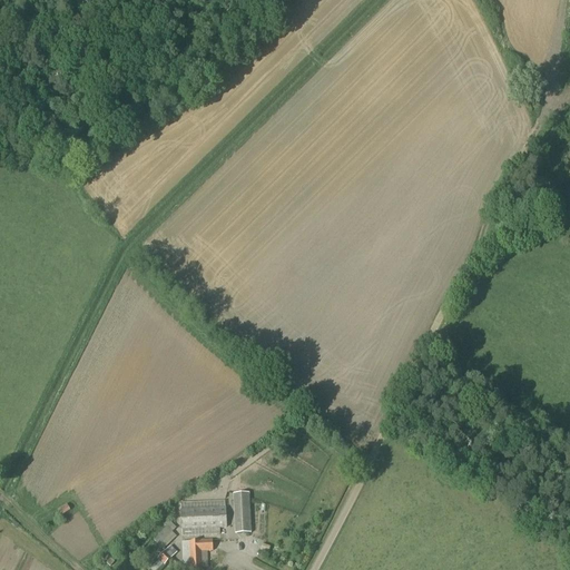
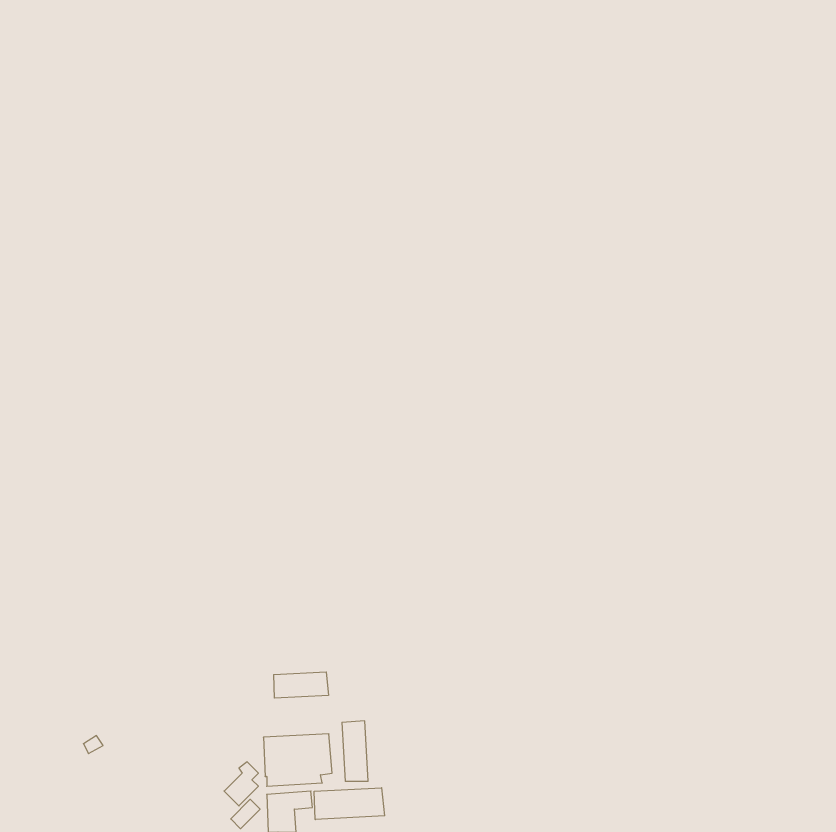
building: none -> [274,672,328,698]
building: none -> [314,788,385,820]

